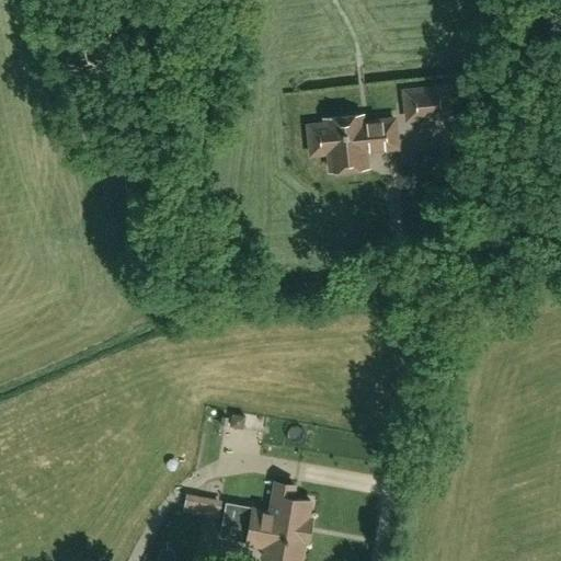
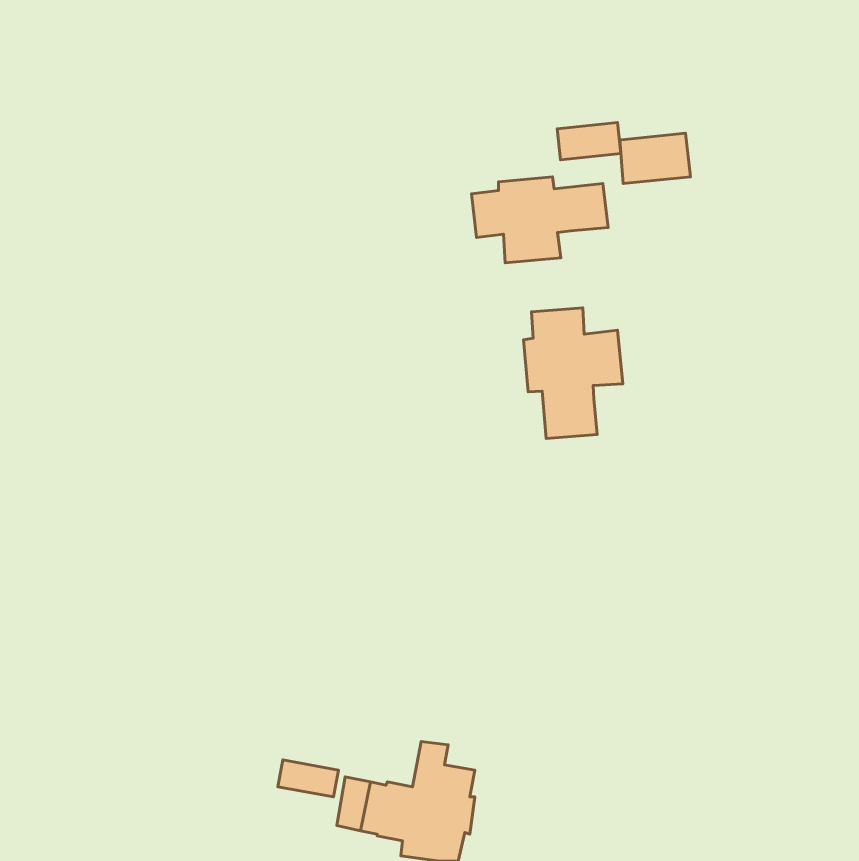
building: none -> [557,123,621,160]
building: none -> [523,308,623,438]

